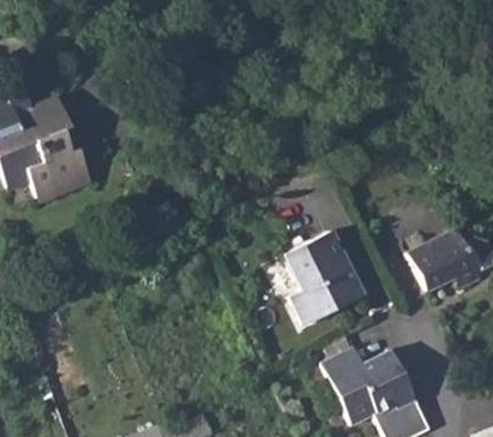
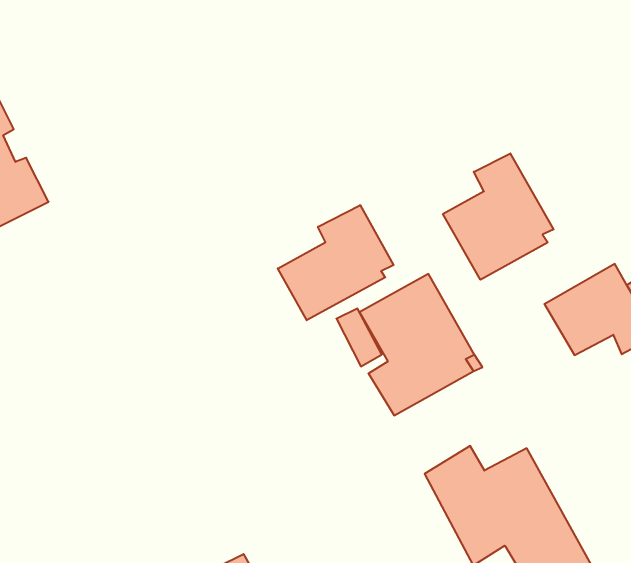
building: none -> [443,153,554,280]
building: none -> [278,205,394,320]

